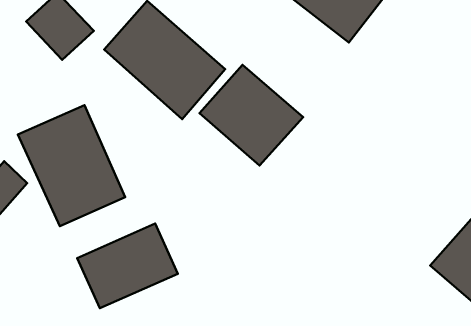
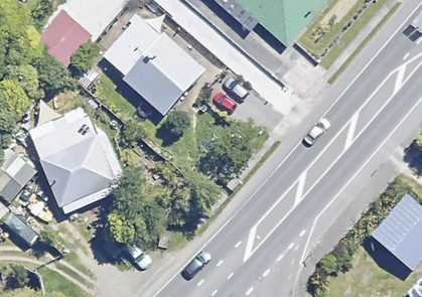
building: [200,65,303,166] -> none
building: [77,224,178,308] -> none

